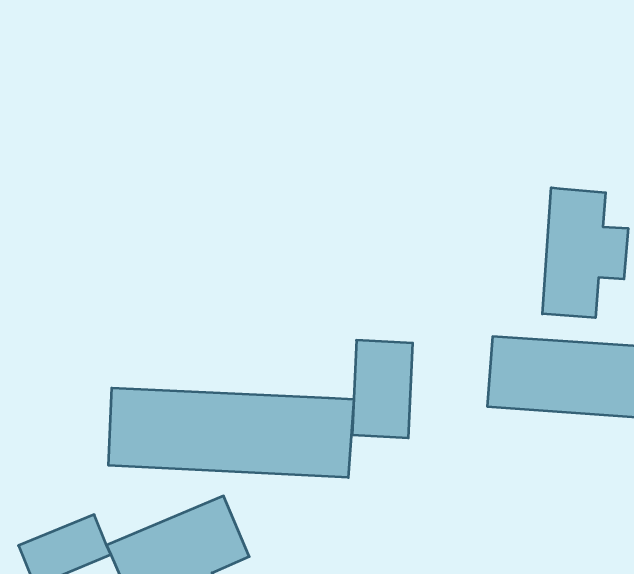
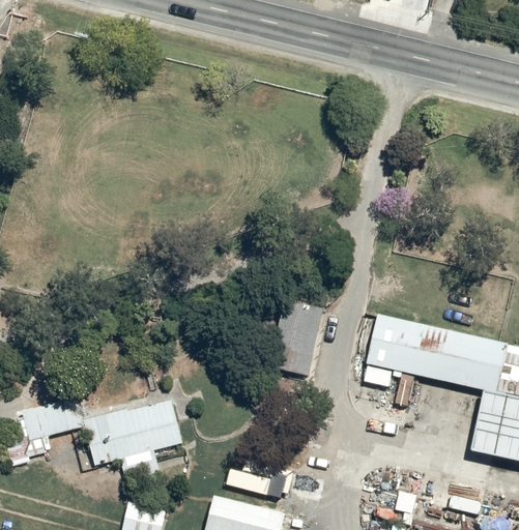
building: [542,188,628,318] -> none
building: [109,388,354,478] -> none

